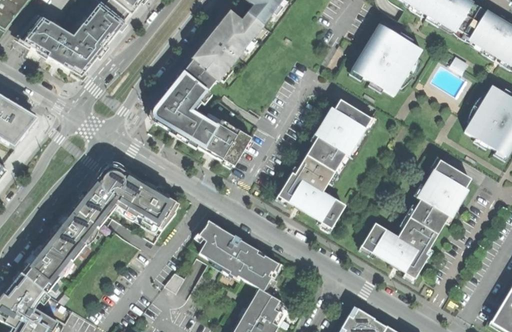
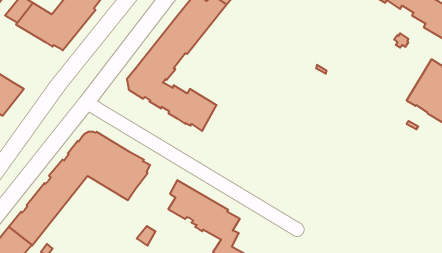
building: [353,24,422,95] -> none
building: [284,100,372,223] -> none
building: [367,160,471,274] -> none

